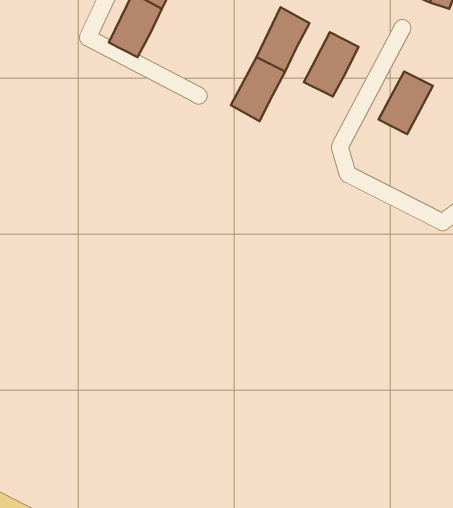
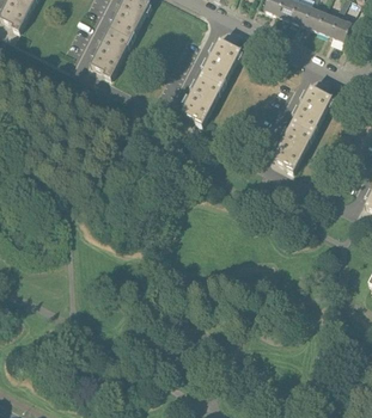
building: [304,32,359,96] -> [273,123,313,171]

